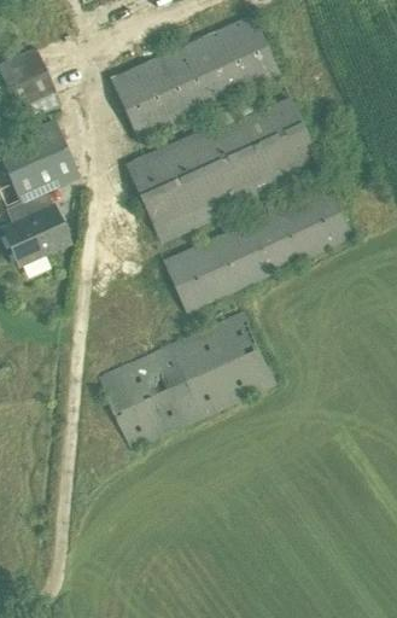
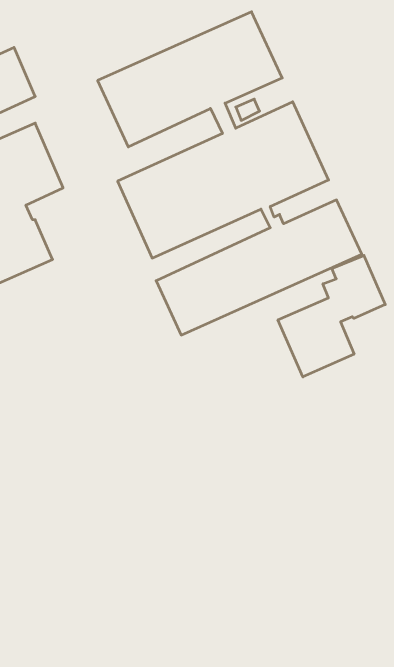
building: none -> [278,255,385,377]
building: [97,308,276,449] -> none

